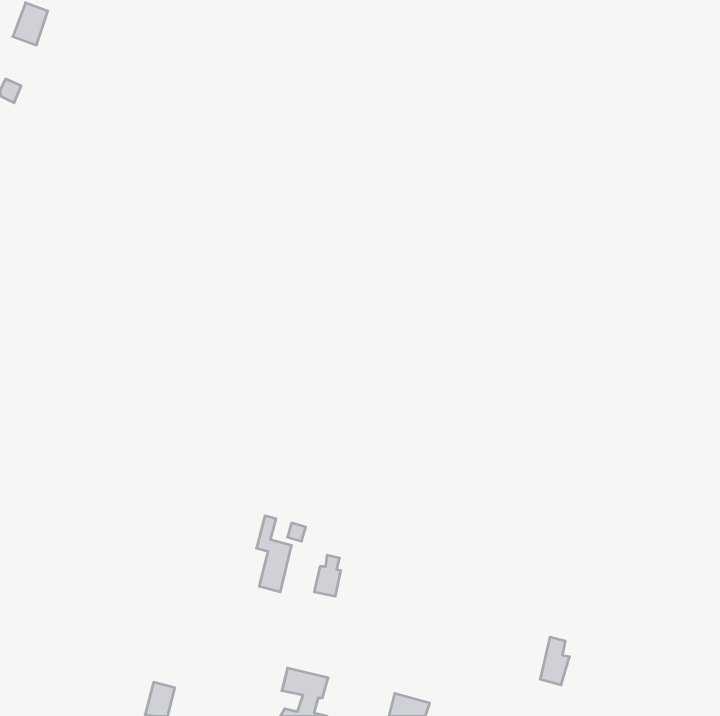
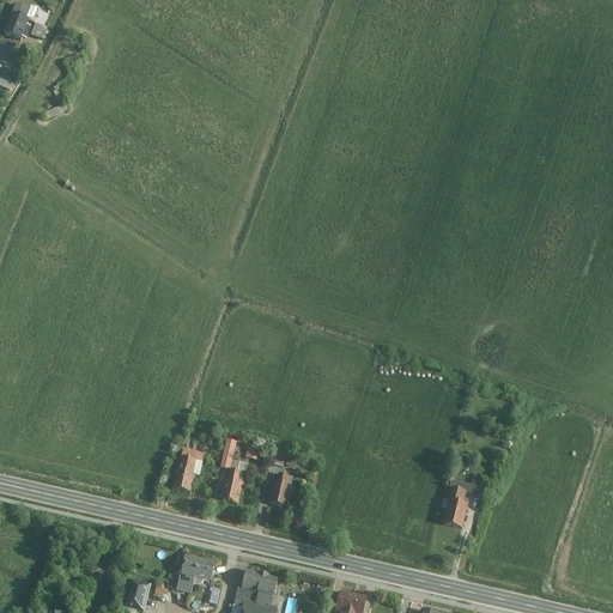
building: none -> [171,447,201,491]
building: [540,637,570,685] -> [449,487,474,528]
building: none -> [177,554,213,591]

